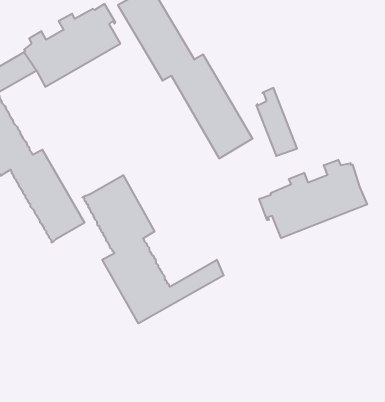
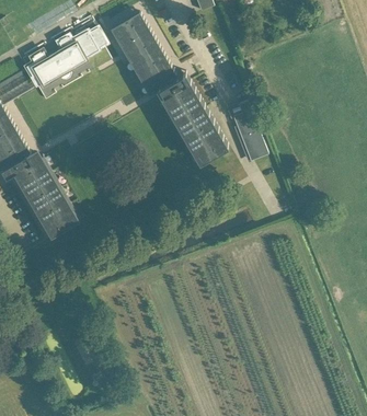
building: [259,160,367,238] -> none
building: [82,175,224,323] -> none

